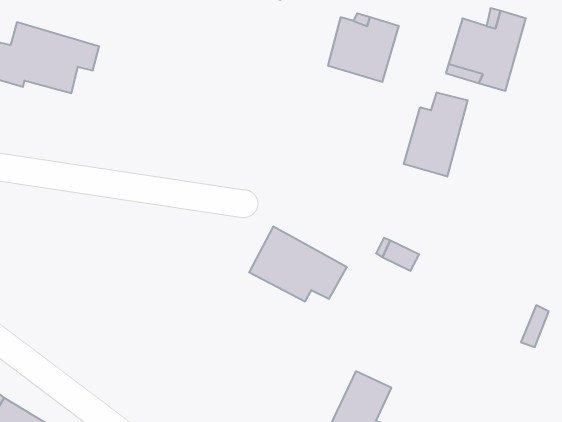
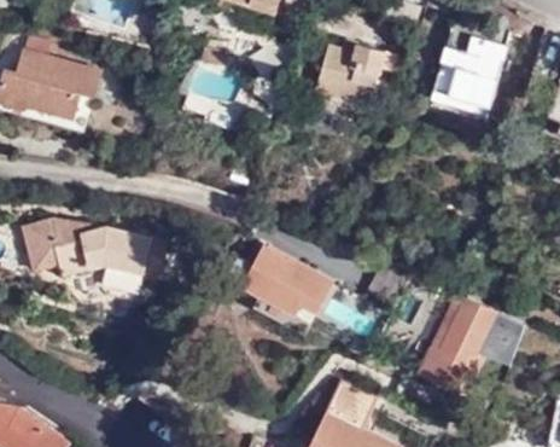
building: [404,92,468,177] -> none
building: none -> [19,225,163,280]
building: none -> [427,297,498,391]

